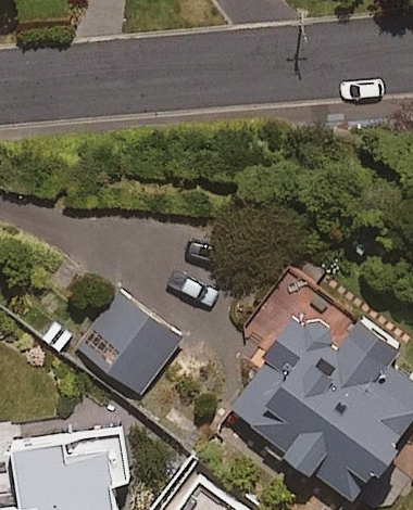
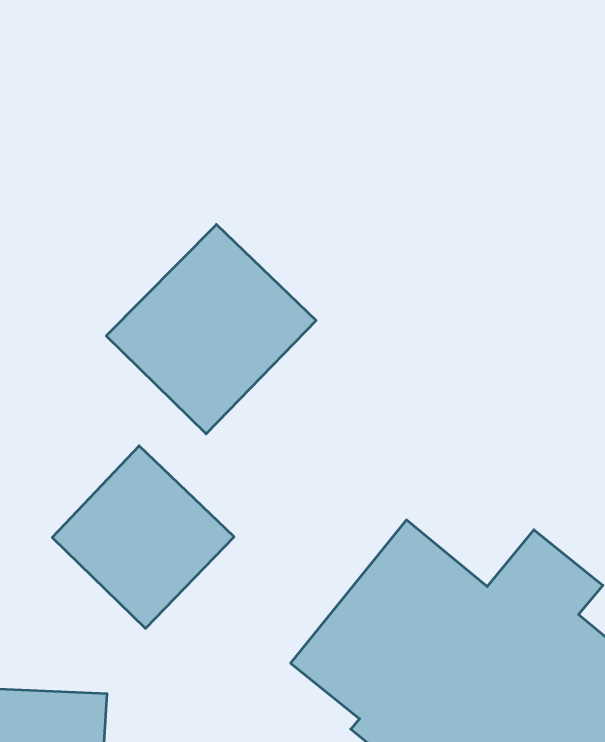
building: none -> [106,224,316,434]

